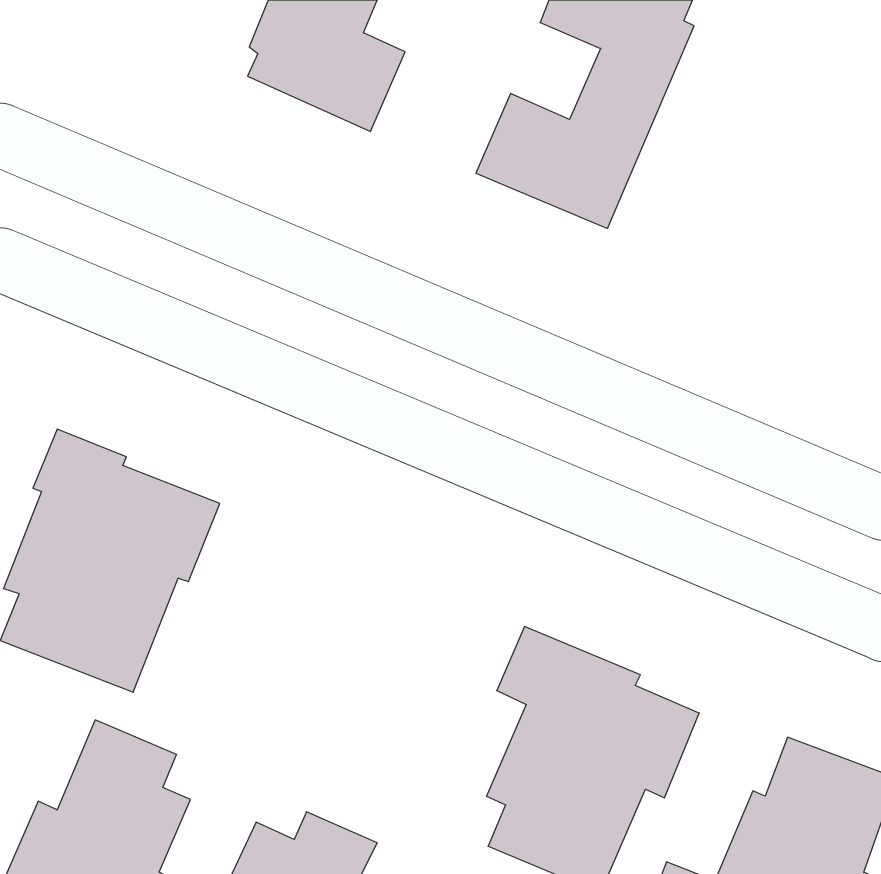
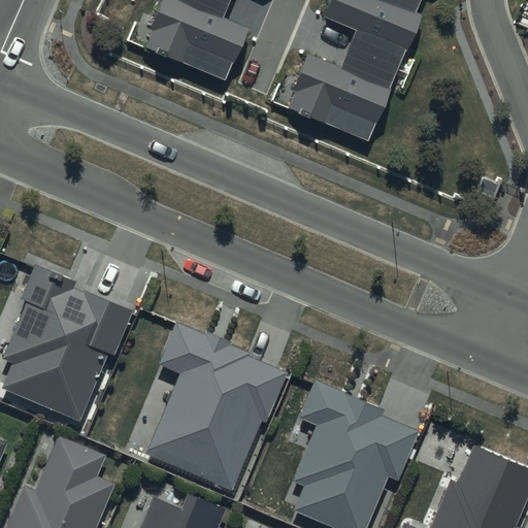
building: none -> [144,321,288,490]

